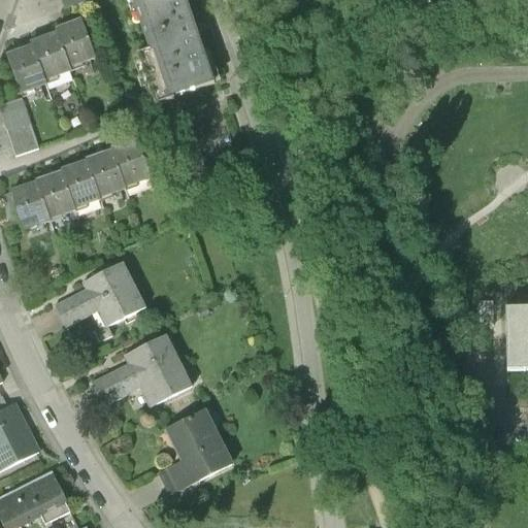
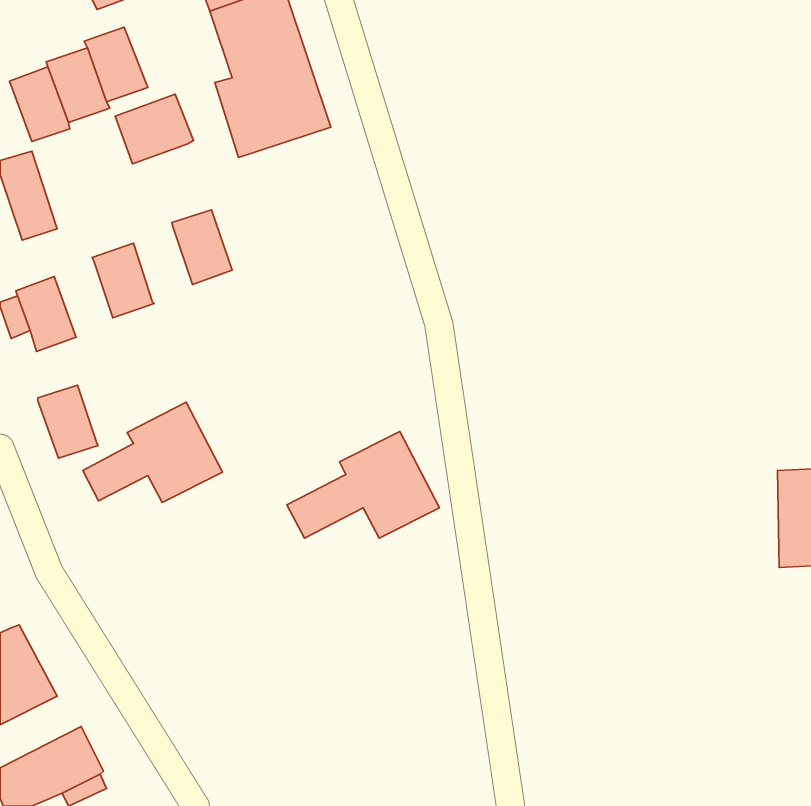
building: none -> [115,94,193,164]
building: [87,147,127,196] -> none
building: [36,169,75,217] -> [38,385,98,458]
building: [93,335,192,404] -> [287,432,440,538]
building: [160,410,231,493] -> none

